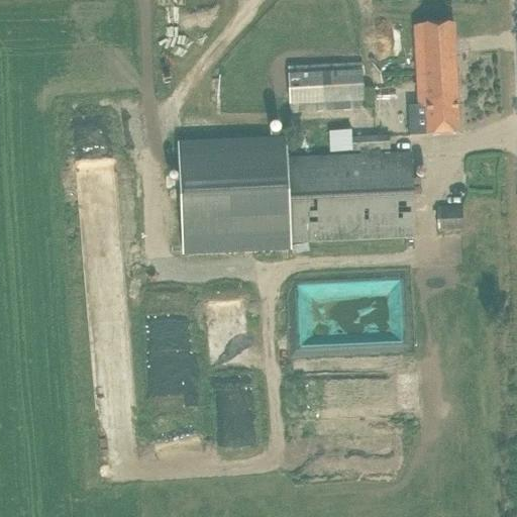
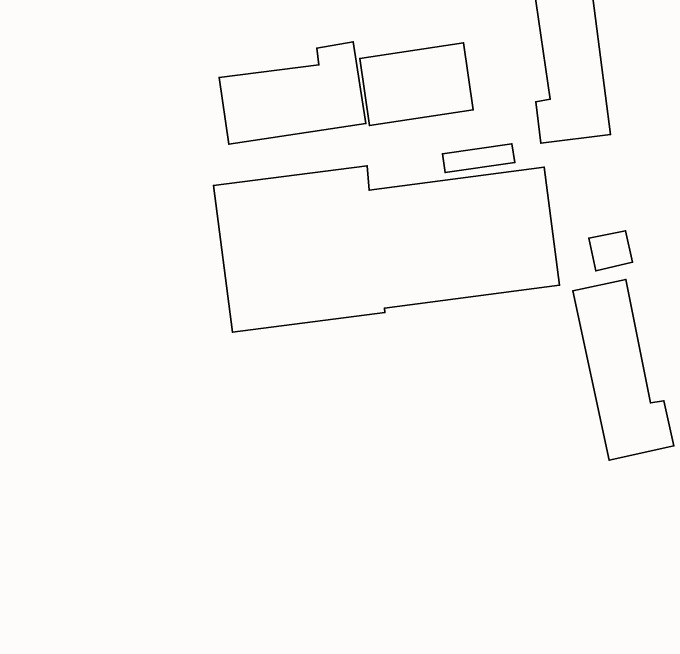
building: none -> [219,42,366,144]
building: none -> [573,280,674,460]

